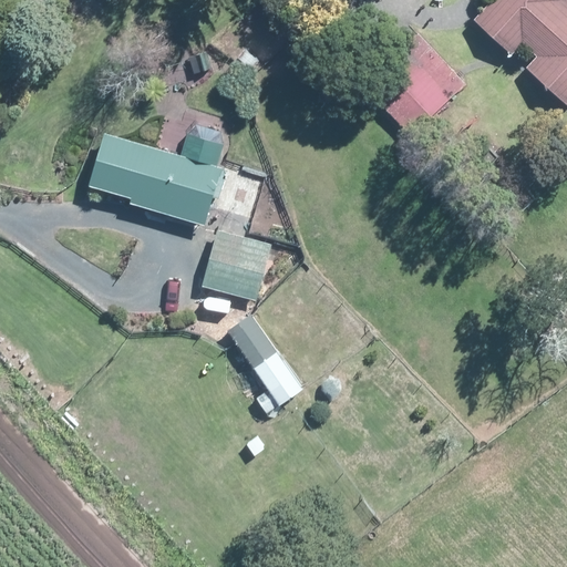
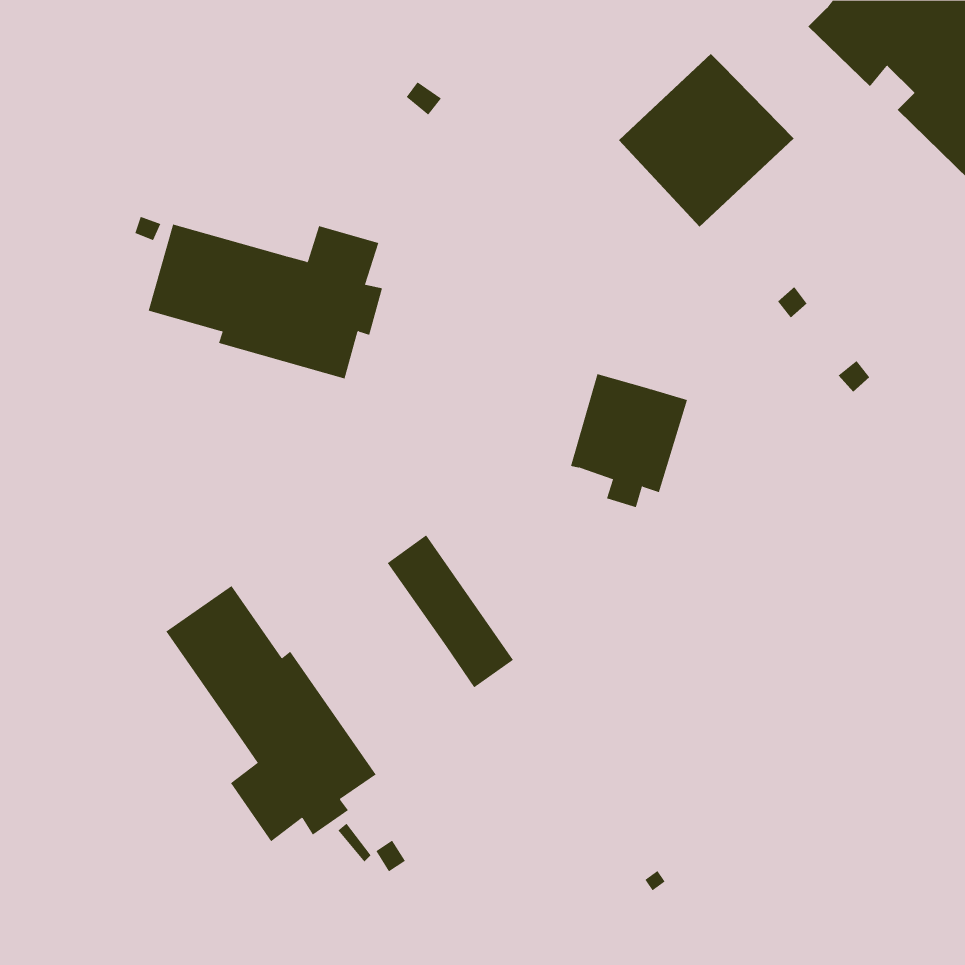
building: [204,230,272,309] -> [570,373,688,508]
building: none -> [165,585,377,842]

